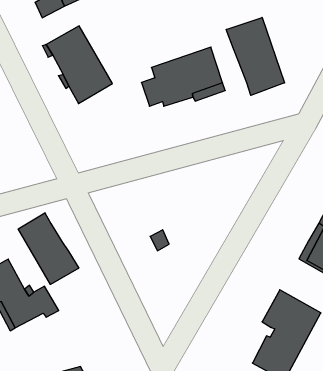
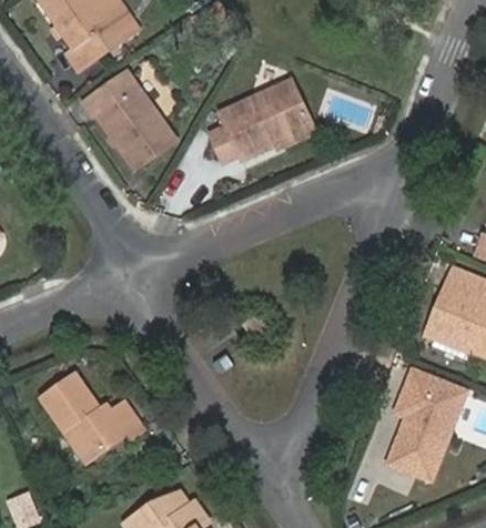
building: [226,17,285,95] -> none
building: [18,213,79,284] -> none

